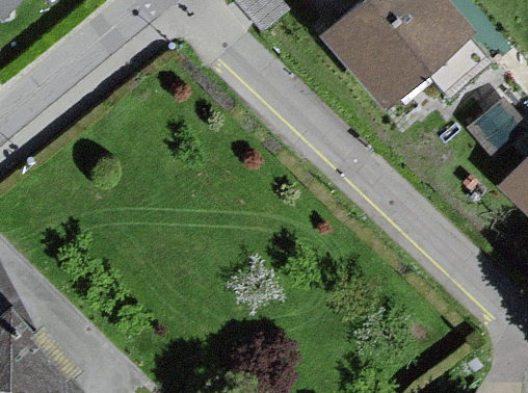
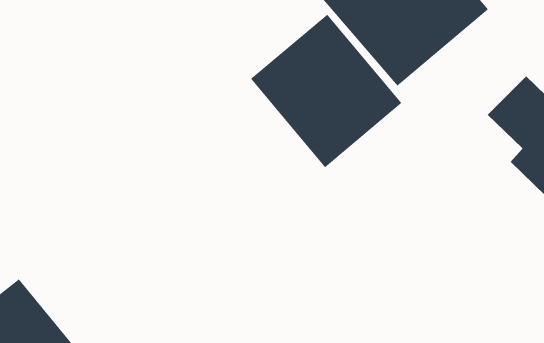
building: none -> [250,14,402,168]

